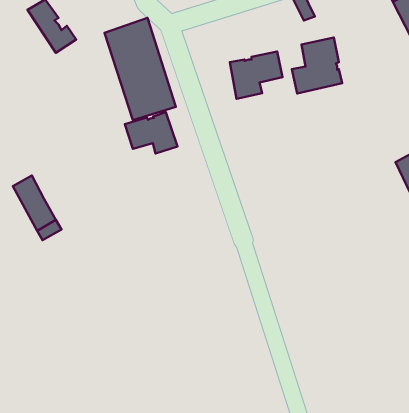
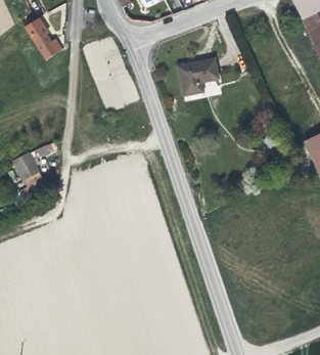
building: [292,38,342,94] -> none
building: [125,112,178,154] -> none

